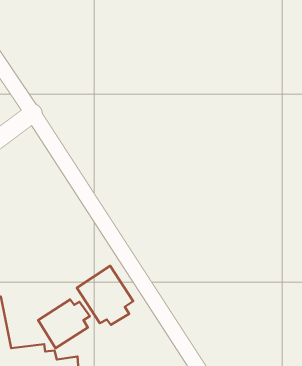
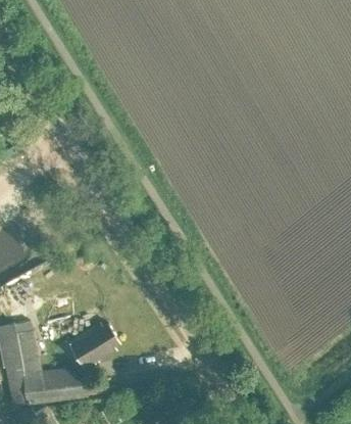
building: [77,266,133,325] -> none

